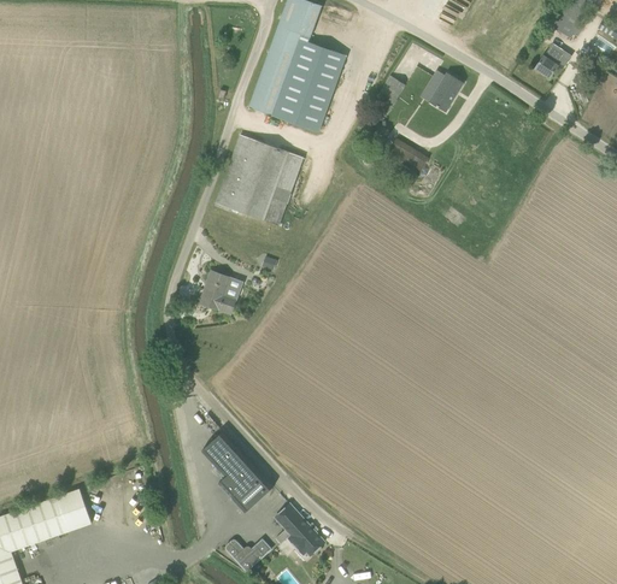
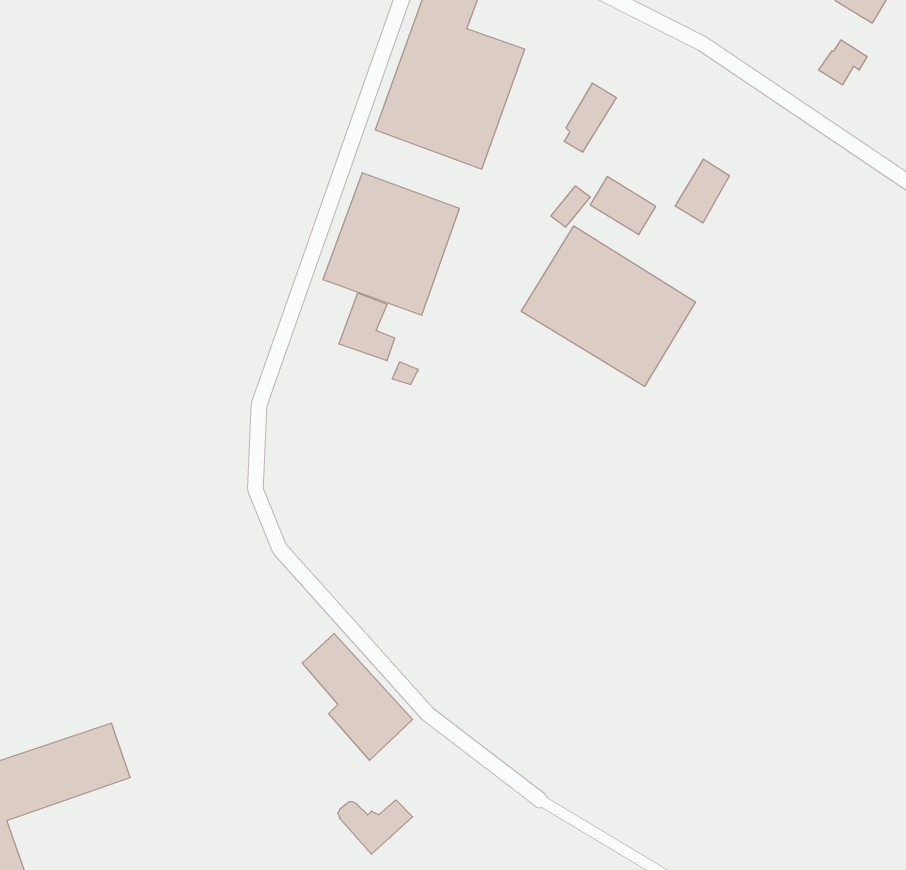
building: [428,72,463,113] -> [675,159,729,223]
building: none -> [521,226,696,386]
building: [199,271,235,314] -> [339,293,395,361]
building: [275,505,324,560] -> none

